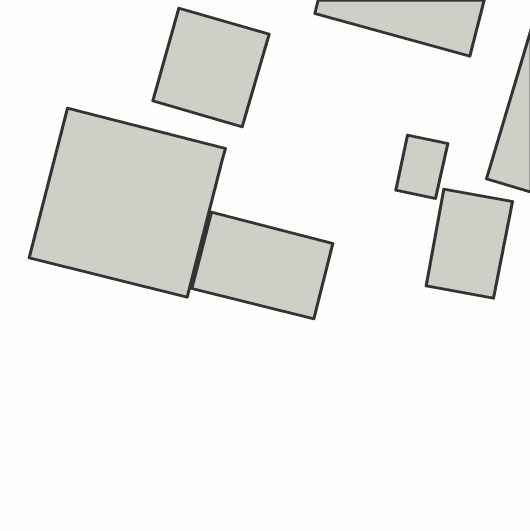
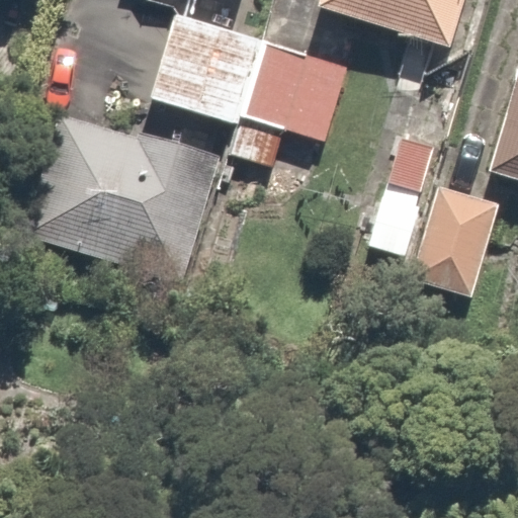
building: none -> [227,33,358,171]
building: [192,212,333,319] -> none

